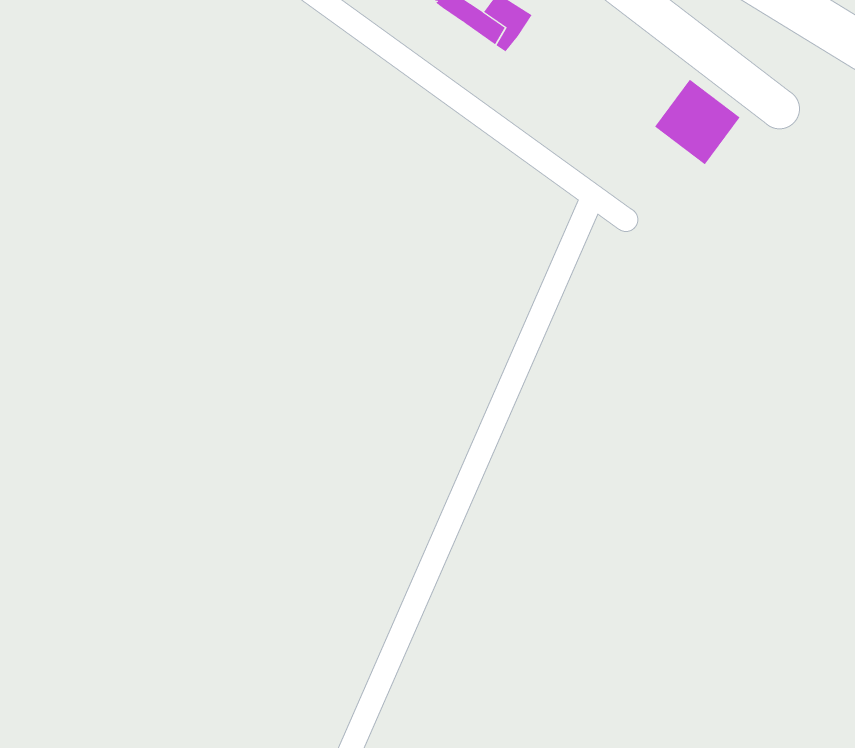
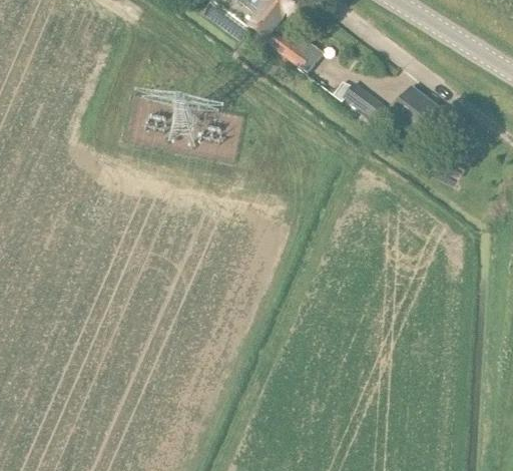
building: none -> [340,79,385,121]

